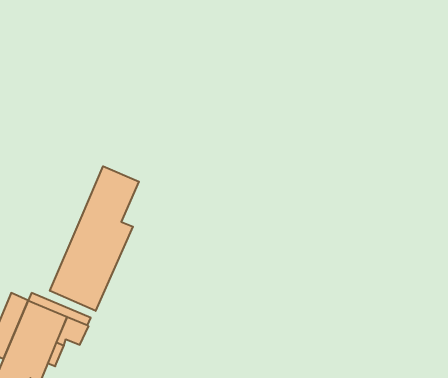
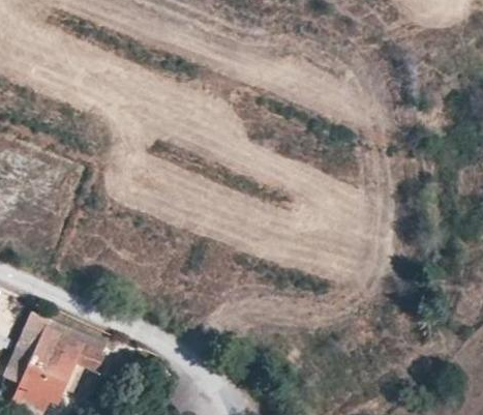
building: [50,166,139,311] -> none

